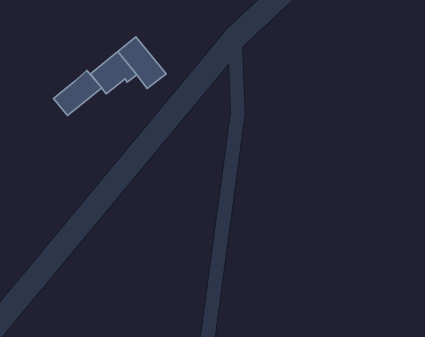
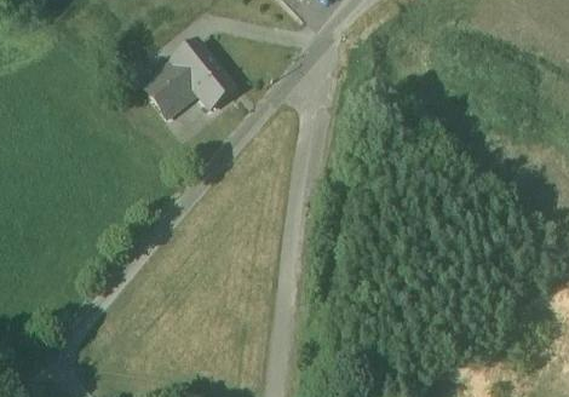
building: [54,71,102,116] -> none

